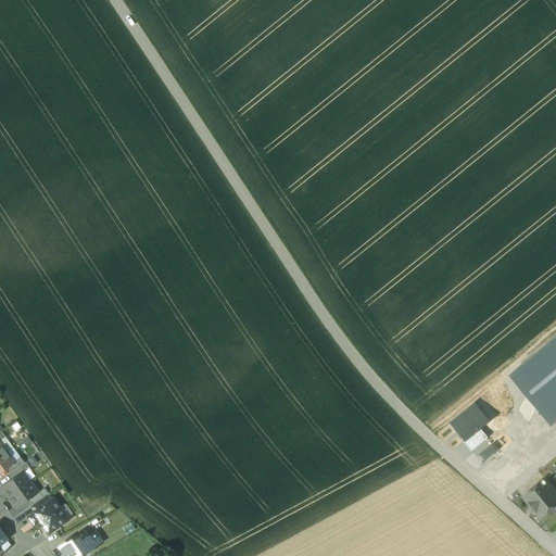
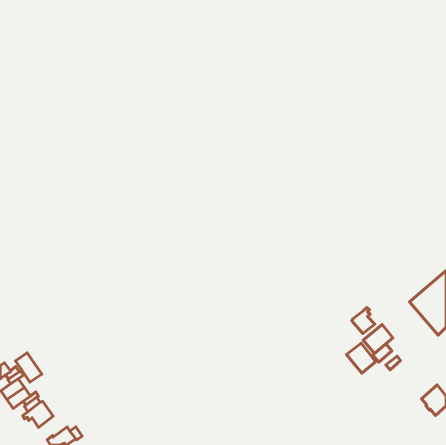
building: none -> [352,307,375,334]
building: none -> [347,343,376,373]
building: none -> [16,353,42,382]

